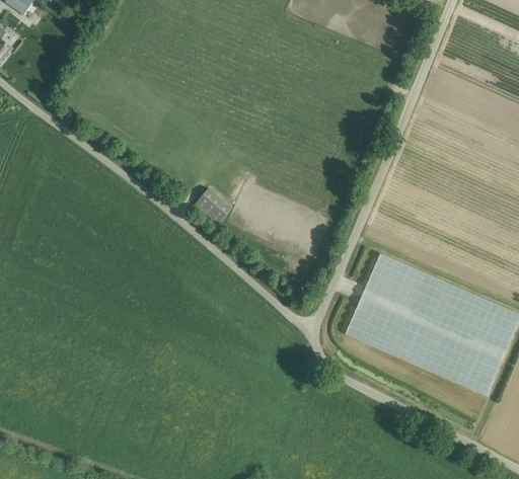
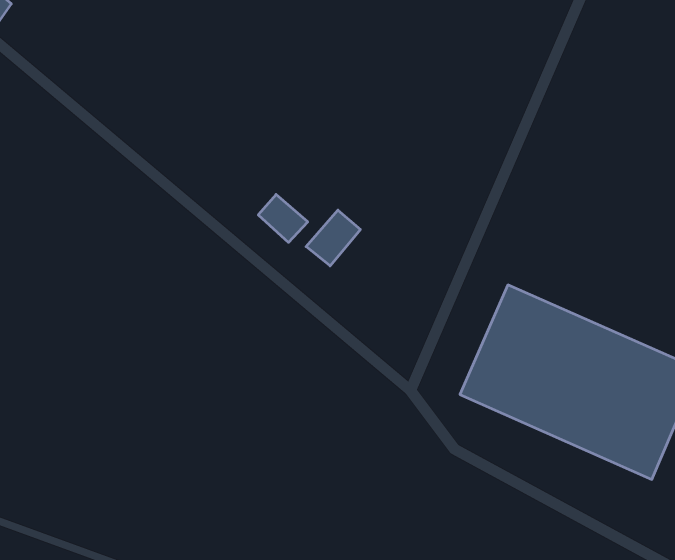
building: none -> [306,210,360,266]

